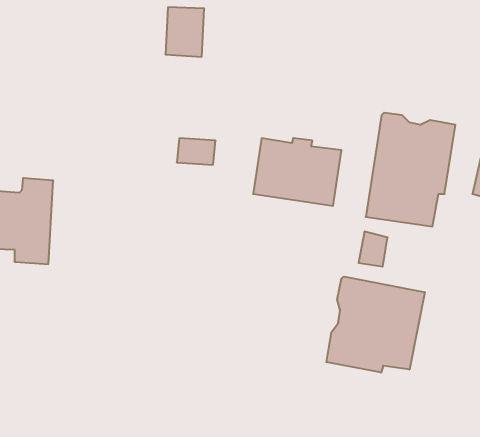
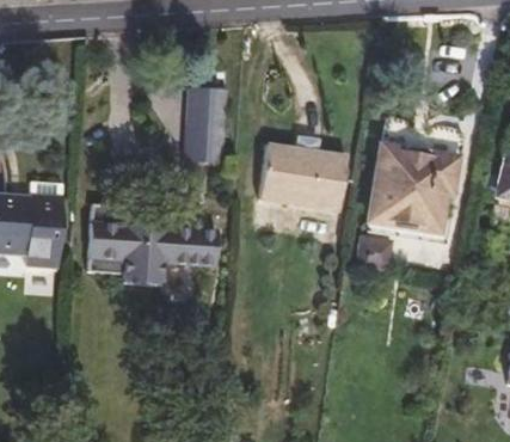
building: [165,7,204,57] -> [188,96,226,145]
building: none -> [87,211,217,294]
building: [326,277,425,373] -> none

